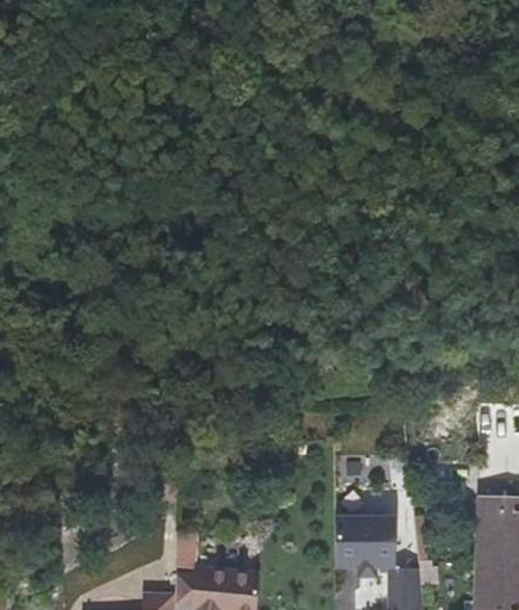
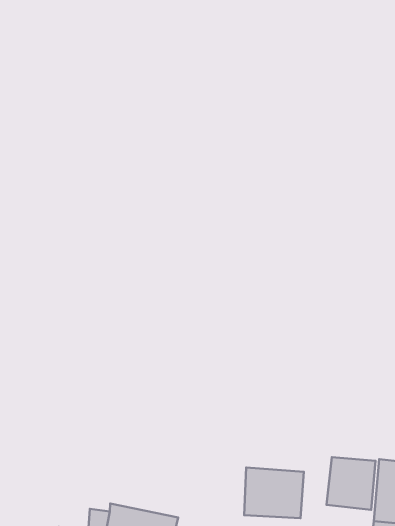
building: none -> [327,457,376,510]

